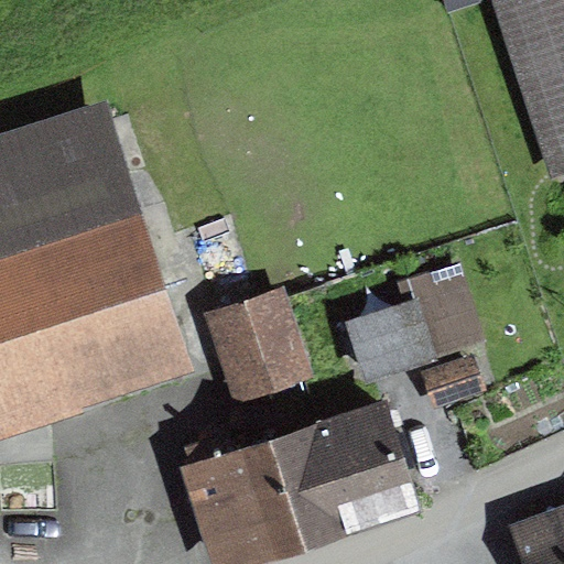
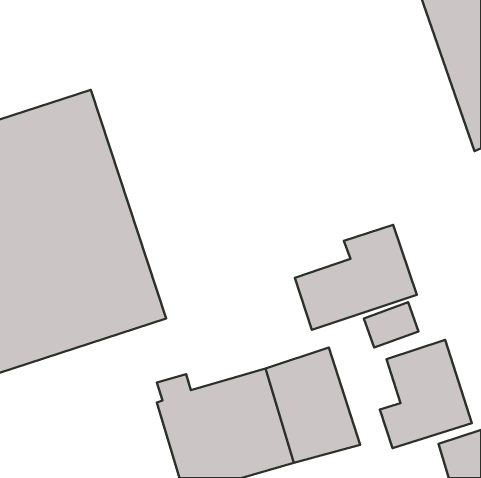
building: [206,289,311,399] -> none
building: none -> [380,340,472,448]

